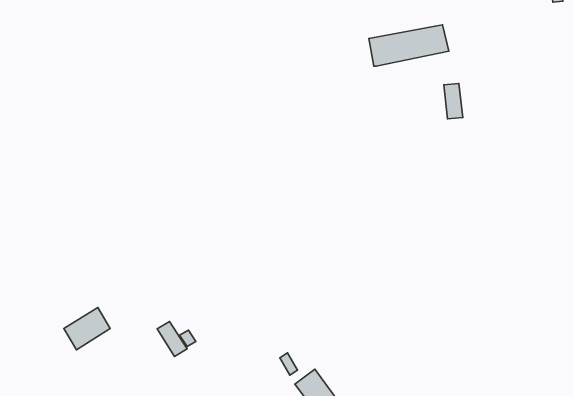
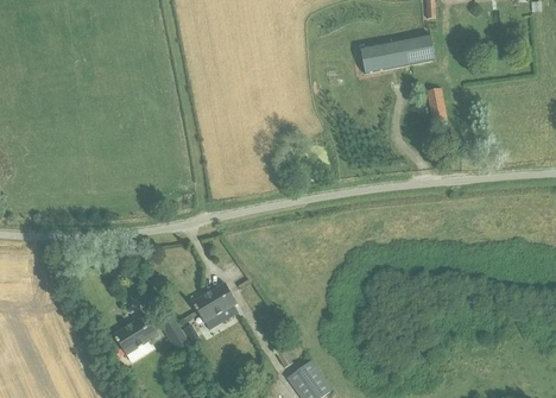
building: none -> [191,282,236,322]
building: [64,307,110,350] -> [113,314,157,354]

